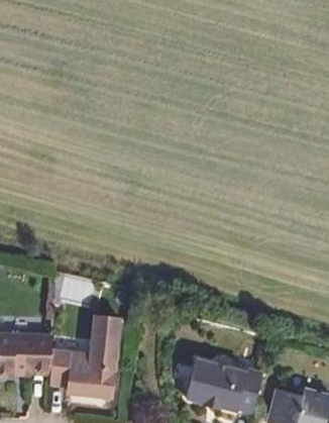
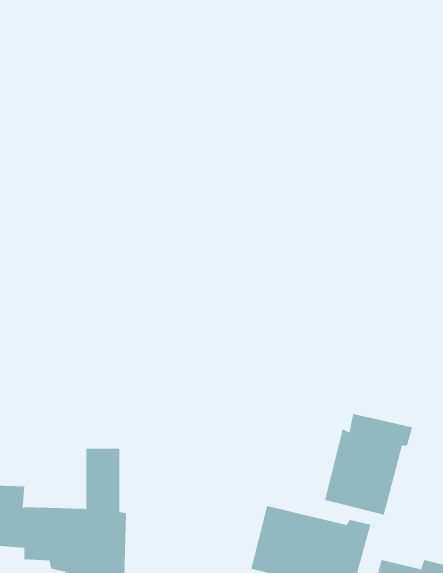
building: none -> [325,413,413,515]

